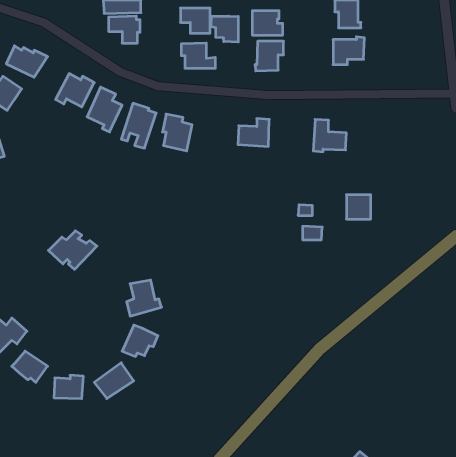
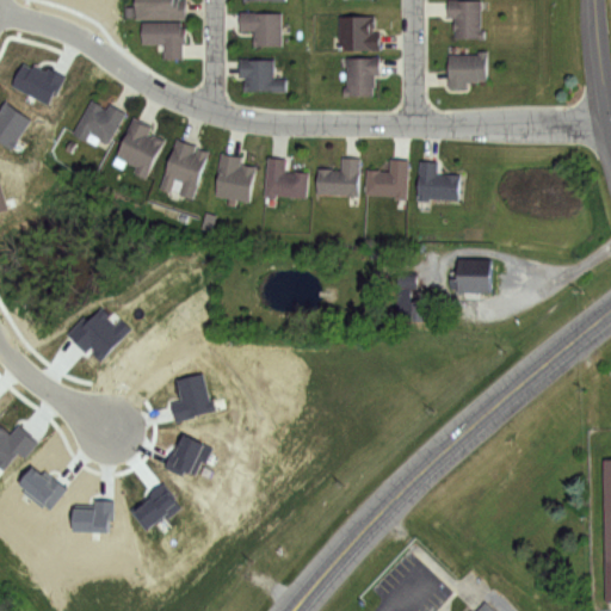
building: [211,16,238,42] -> none
building: none -> [263,158,307,199]
building: none -> [364,160,408,202]

